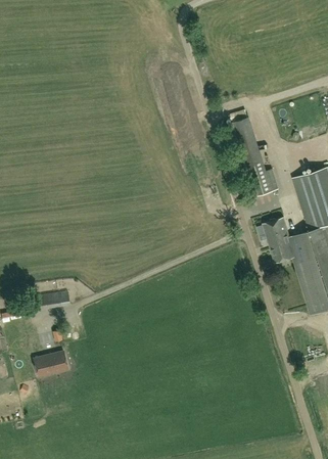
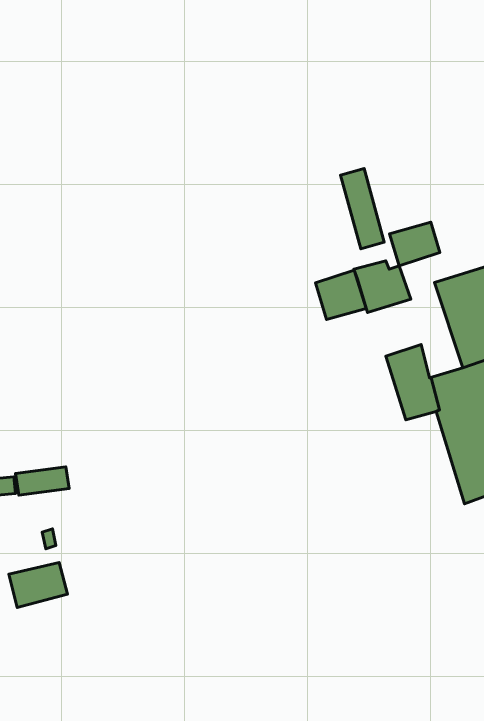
building: none -> [389,222,440,266]
building: none -> [316,270,366,320]

